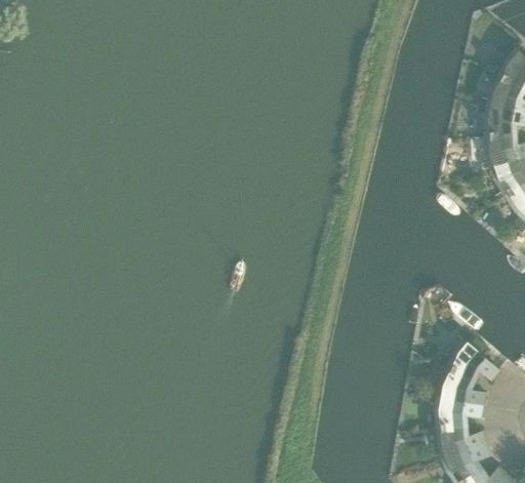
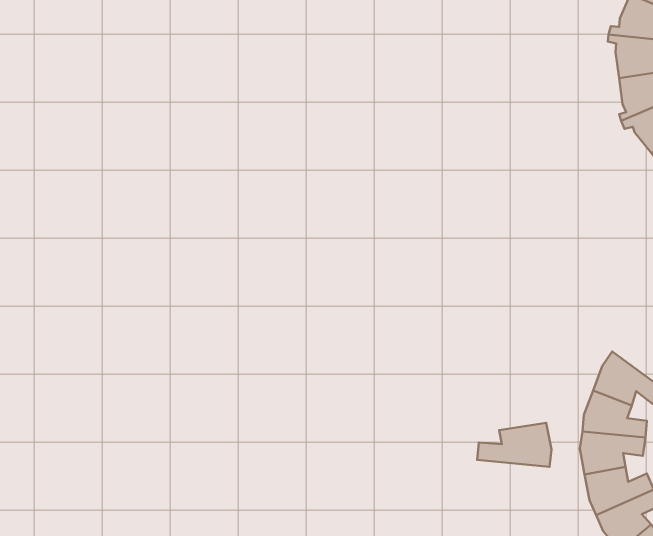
building: none -> [477,423,552,467]

